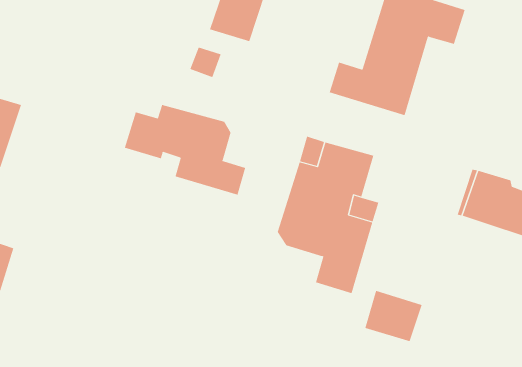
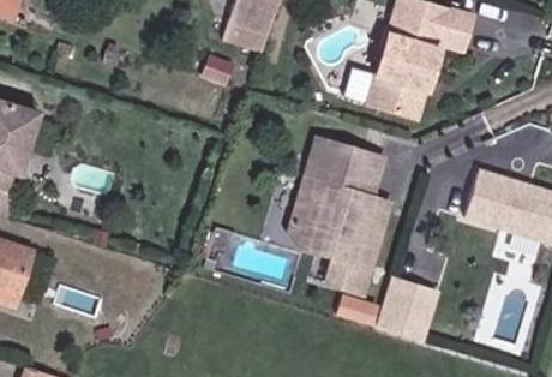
building: [124,104,246,195] -> none

